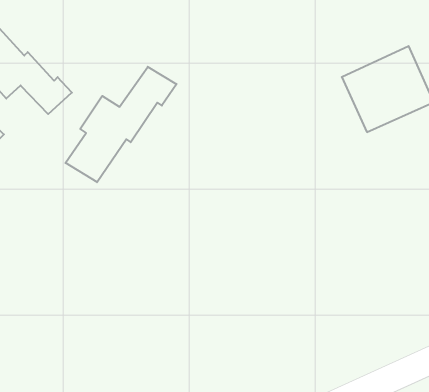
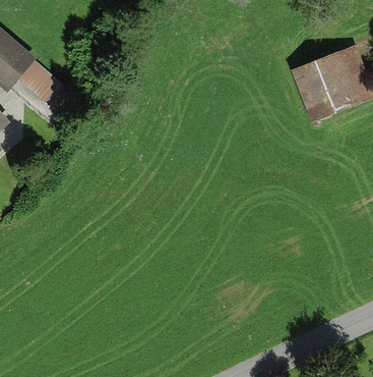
building: [65,67,177,182] -> none

